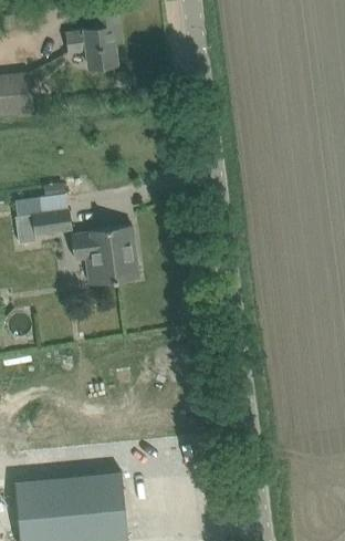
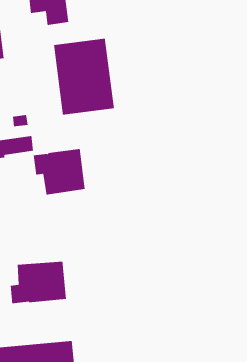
building: none -> [53,38,115,115]
building: none -> [10,261,67,304]

